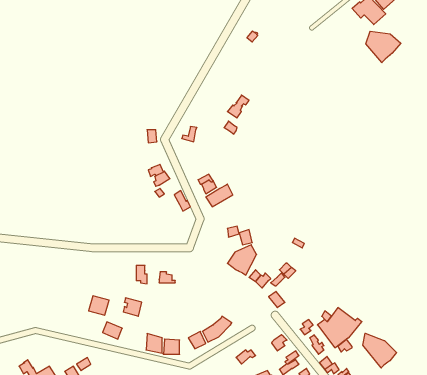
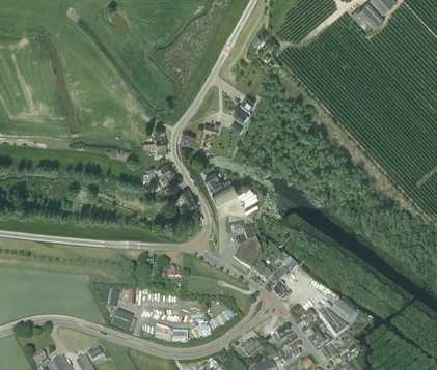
building: [366,31,401,63] -> none
building: [363,333,397,368] -> none

